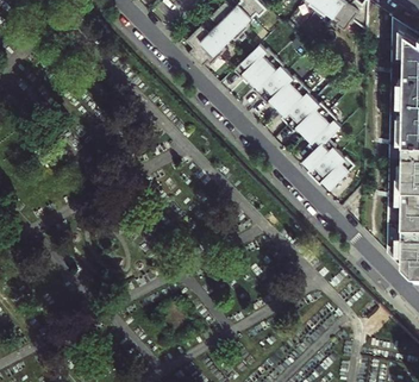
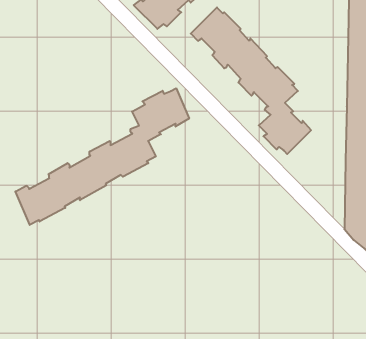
building: none -> [15,88,189,225]

